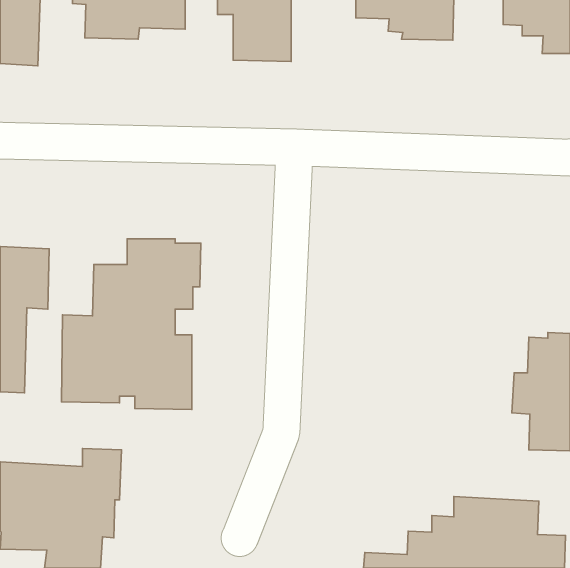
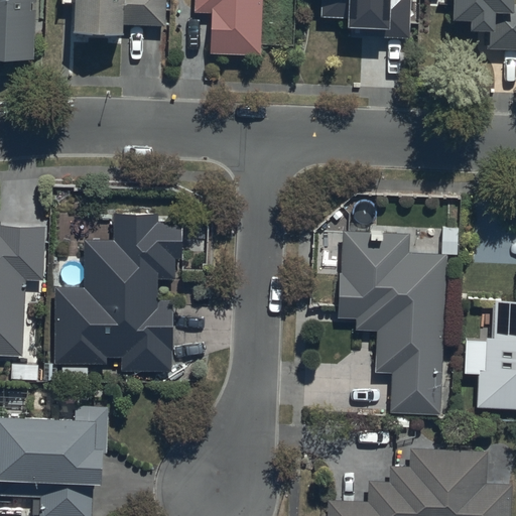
building: none -> [339,226,459,415]

